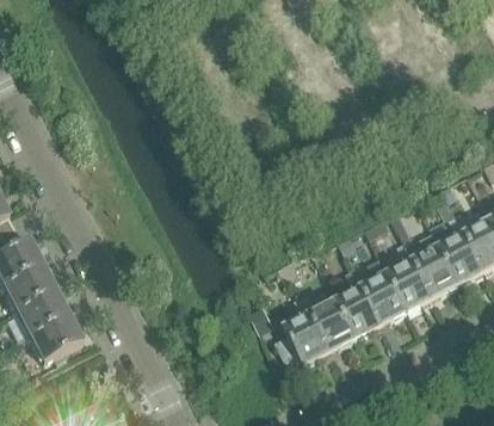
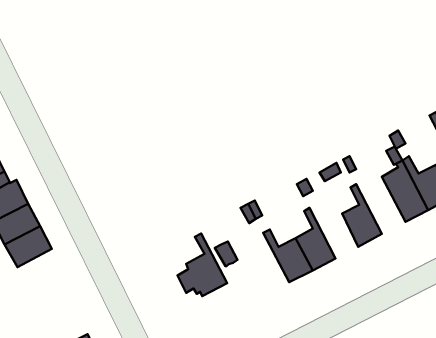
building: [405,229,459,292] -> none
building: [353,261,407,320] -> none
building: [276,291,331,360] -> [177,234,227,296]
building: [30,309,82,356] -> none

